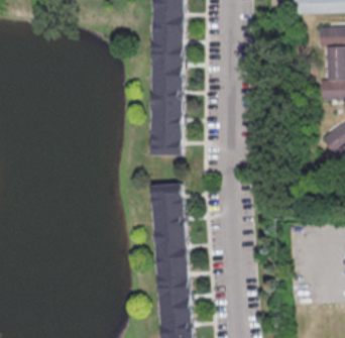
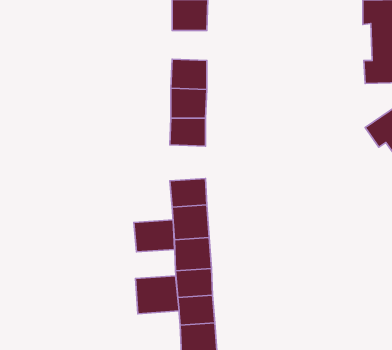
building: [152,53,183,80] -> none
building: none -> [134,220,174,252]
building: none -> [135,276,179,314]

